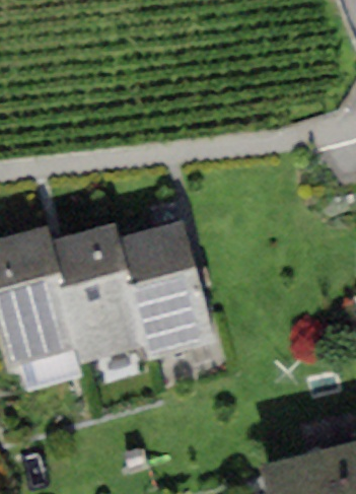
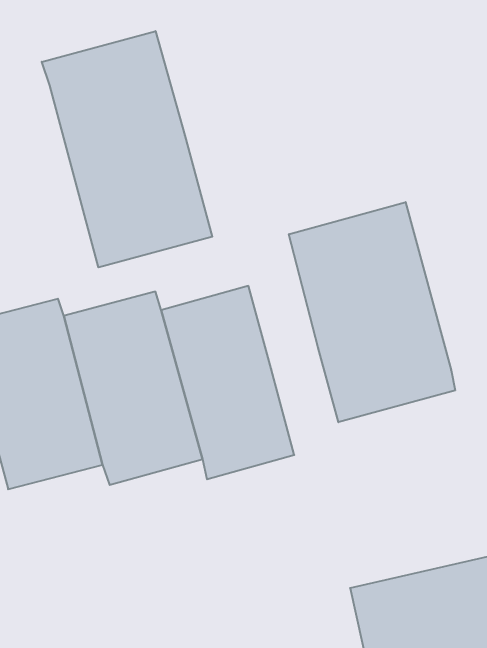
building: none -> [42,31,212,267]
building: none -> [289,202,455,422]

